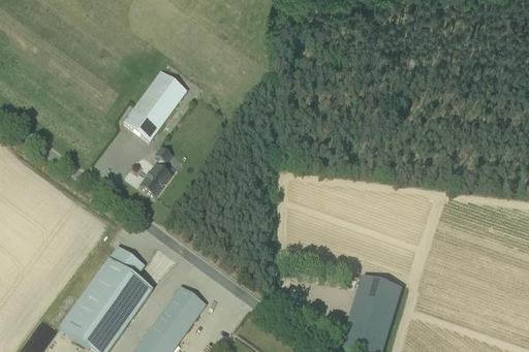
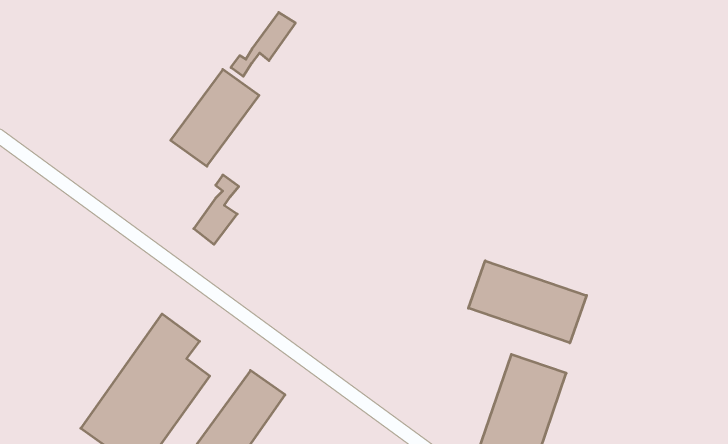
building: none -> [231,12,295,76]
building: none -> [468,261,587,343]

